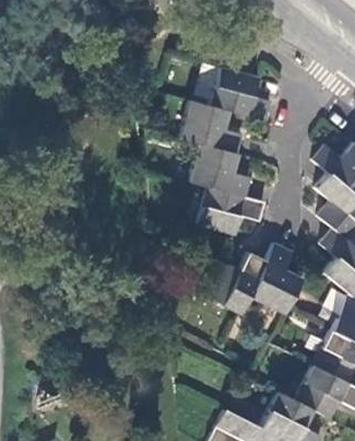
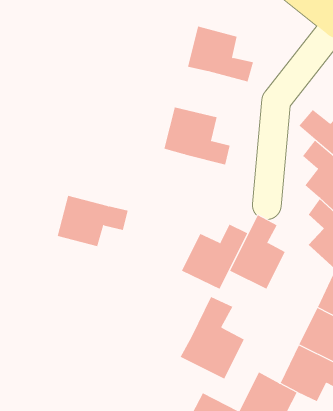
building: [180,98,242,151] -> none
building: [198,186,264,234] -> [57,195,128,247]
building: none -> [180,296,244,380]

